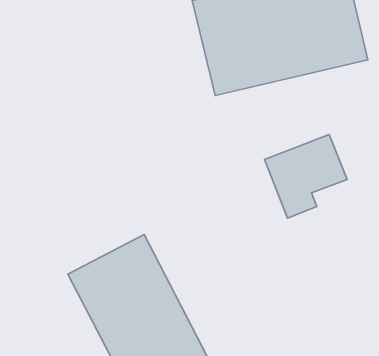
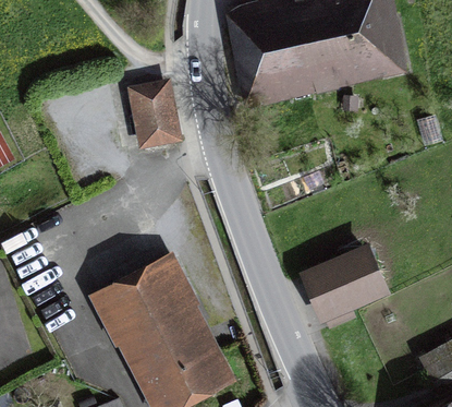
building: none -> [127,80,182,146]
building: [265,134,347,218] -> [302,247,388,334]

